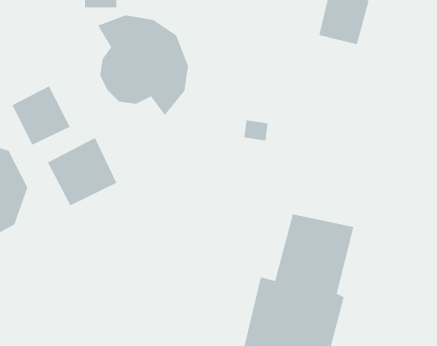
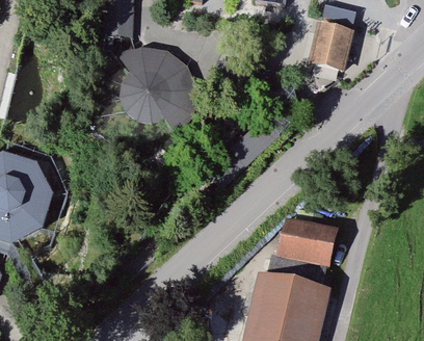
building: [12,85,71,146] -> none
building: [47,137,117,206] -> none

